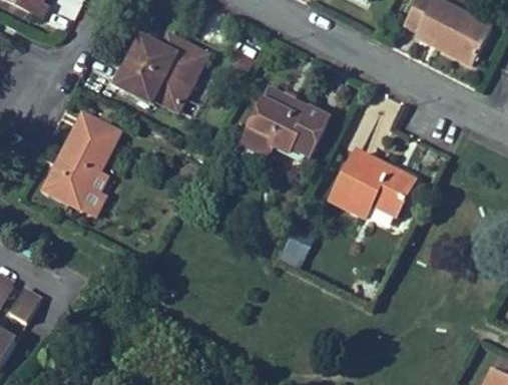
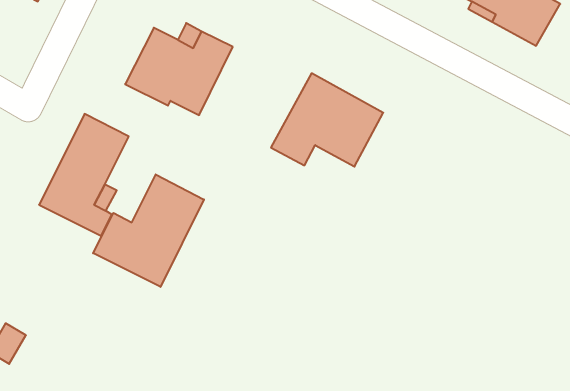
building: [329,151,414,220] -> none
building: none -> [93,174,204,287]

